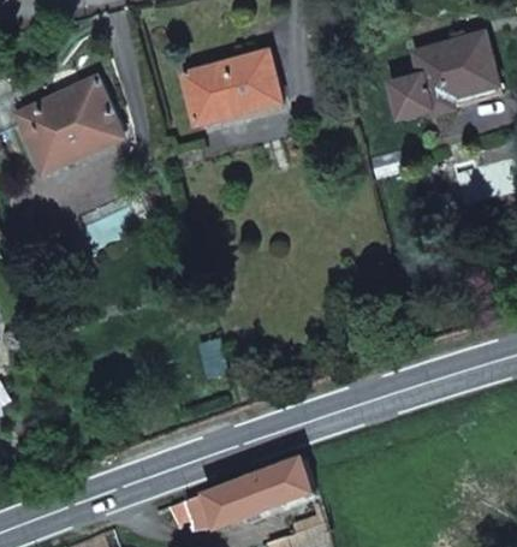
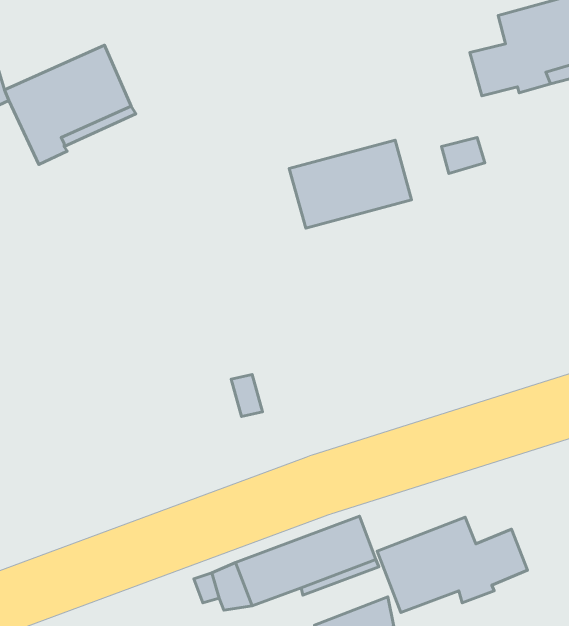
building: [180,50,279,121] -> [289,140,412,228]
building: none -> [377,517,528,612]

